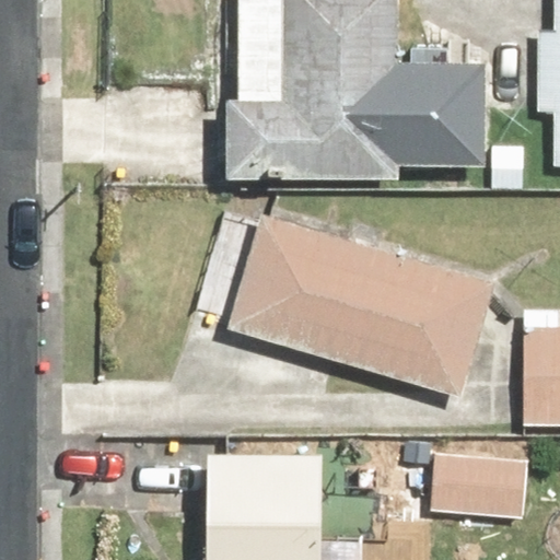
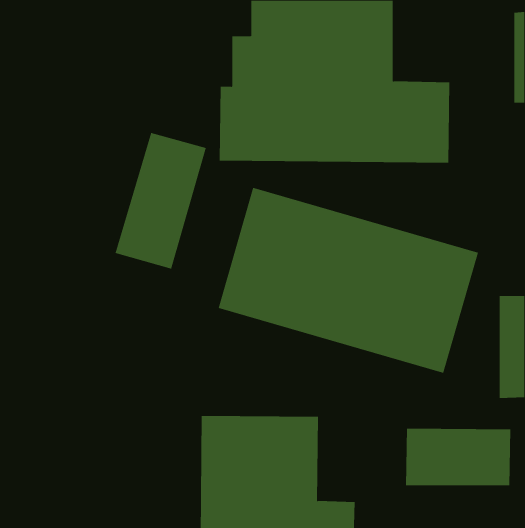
building: none -> [115,132,207,269]

